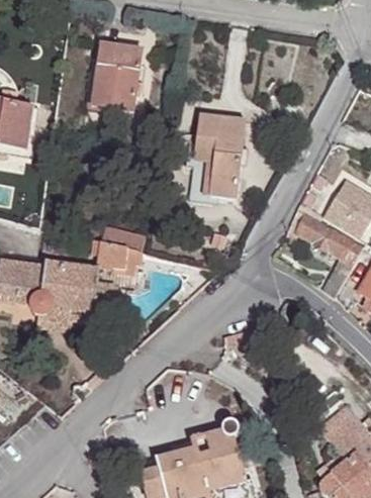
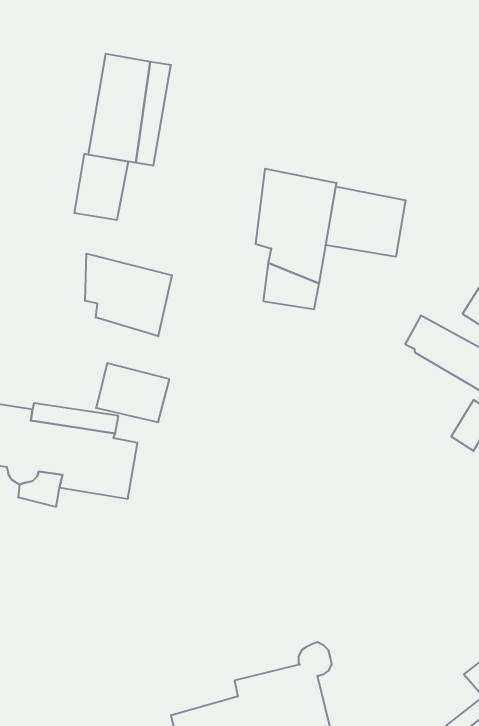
building: none -> [75,154,128,220]
building: none -> [326,187,405,257]
building: none -> [85,254,172,336]

